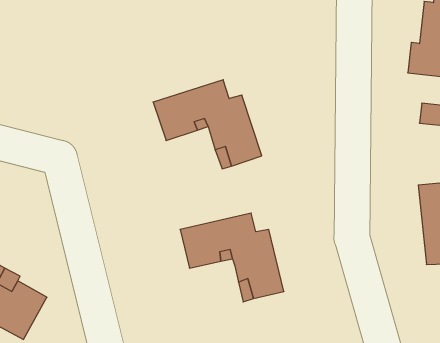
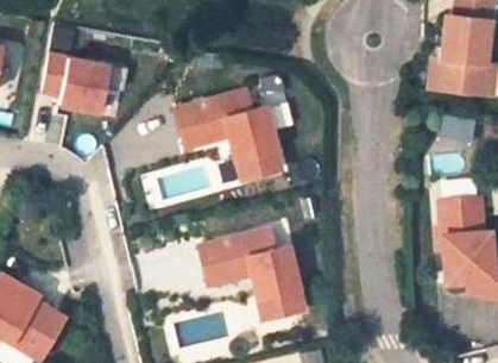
building: none -> [43,52,109,109]

